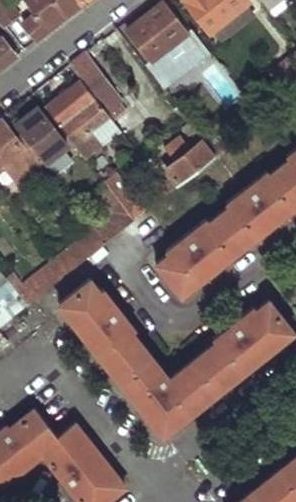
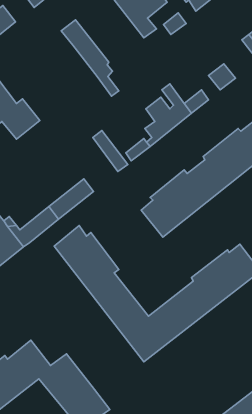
building: [46,82,109,162] -> none
building: [16,110,67,166] -> none

